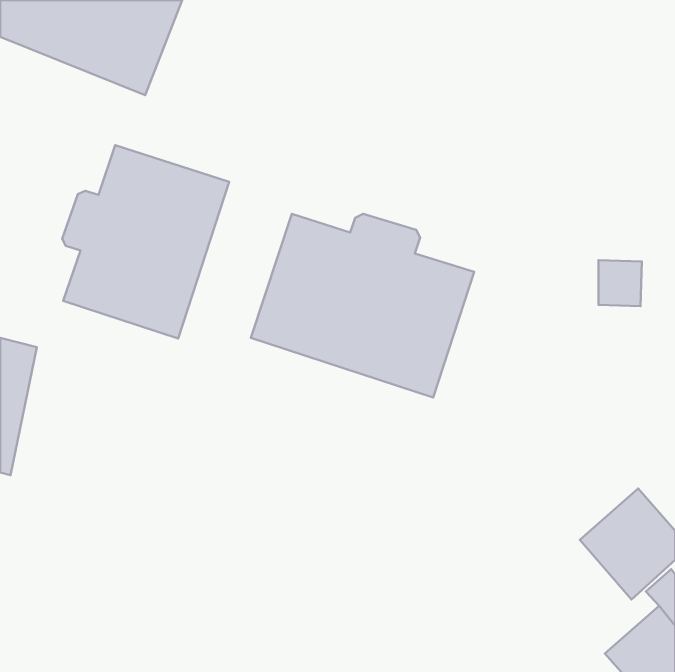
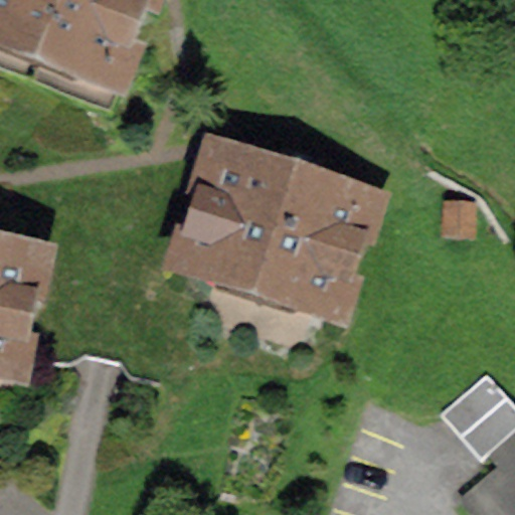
building: [62,145,229,338] -> none

